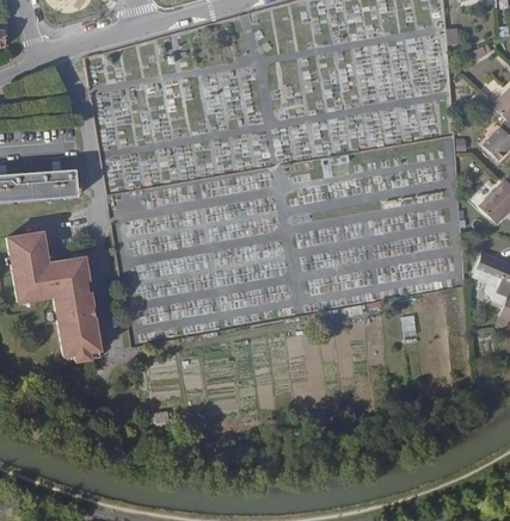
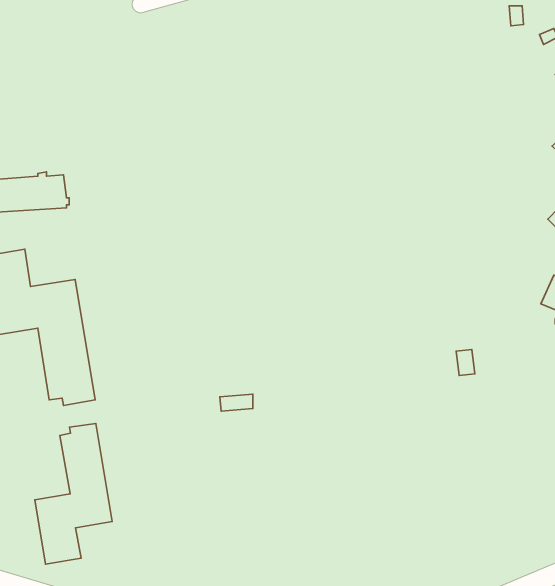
building: none -> [35,423,112,564]

